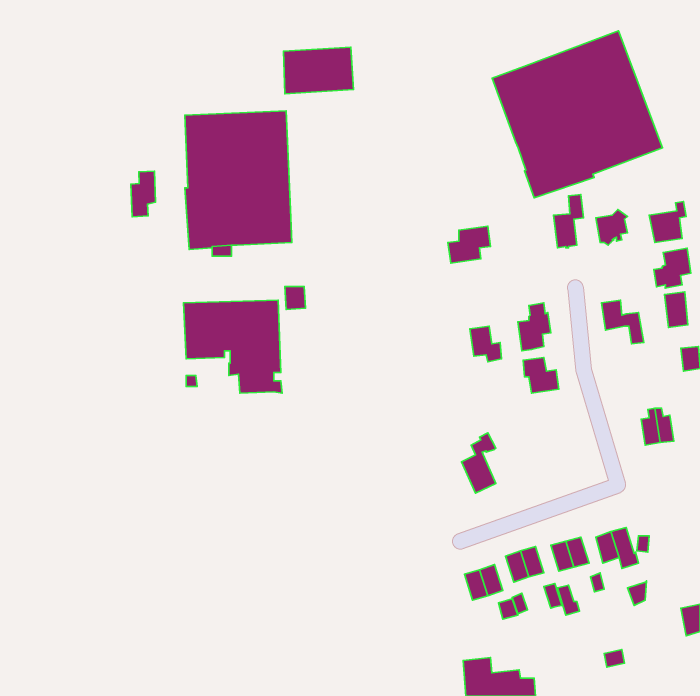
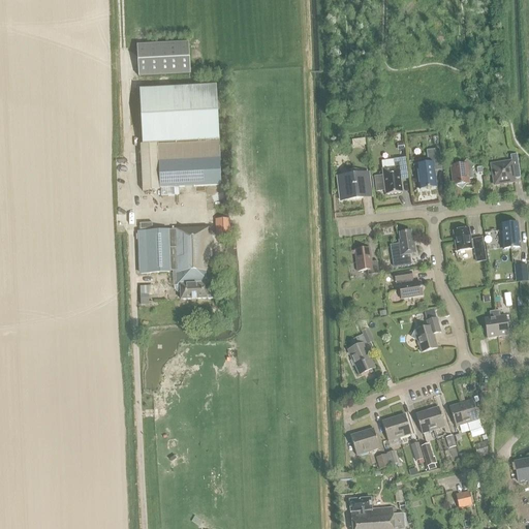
building: [492,31,662,198] -> none
building: [284,47,353,94] -> [137,39,190,74]
building: [131,171,156,217] -> none
building: none -> [374,155,407,192]
building: [654,248,691,288] -> none
building: none -> [411,307,440,350]

